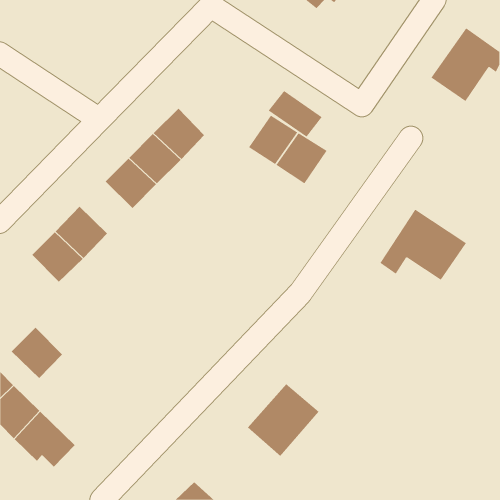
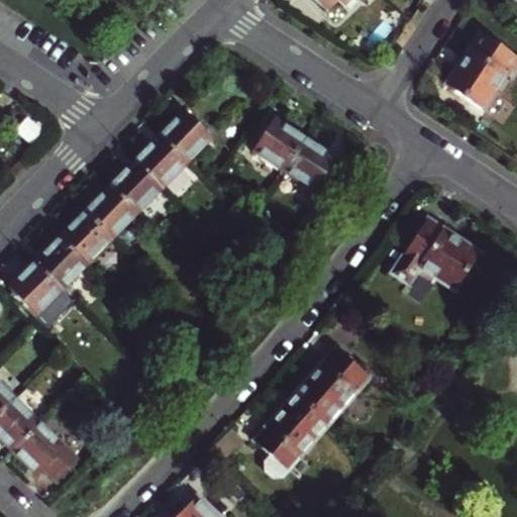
building: [268,90,323,138] -> none
building: none -> [82,187,136,240]
building: [11,327,63,379] -> [7,263,61,316]
building: none -> [295,347,371,424]

